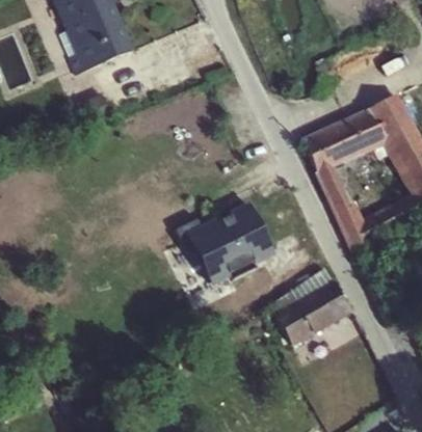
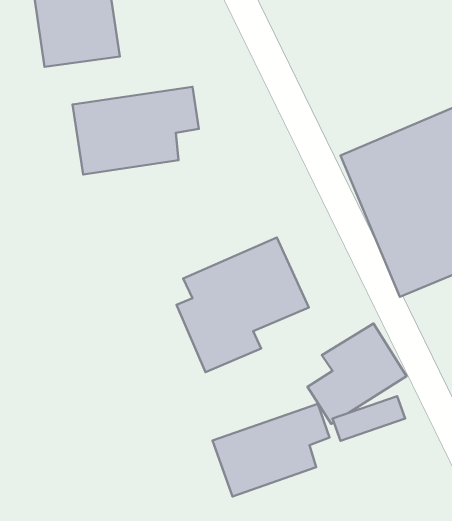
building: none -> [72,87,199,175]
building: none -> [213,404,330,497]

